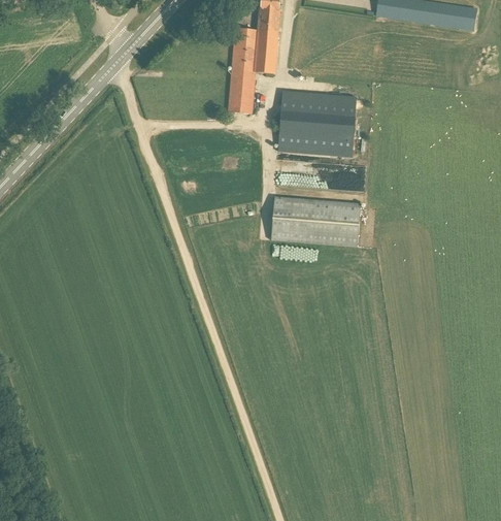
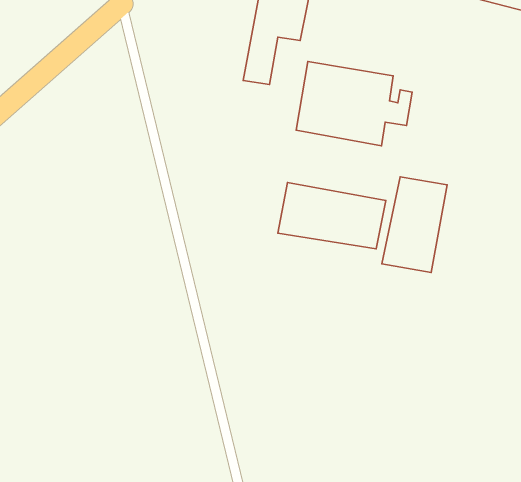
building: none -> [382,177,447,272]

